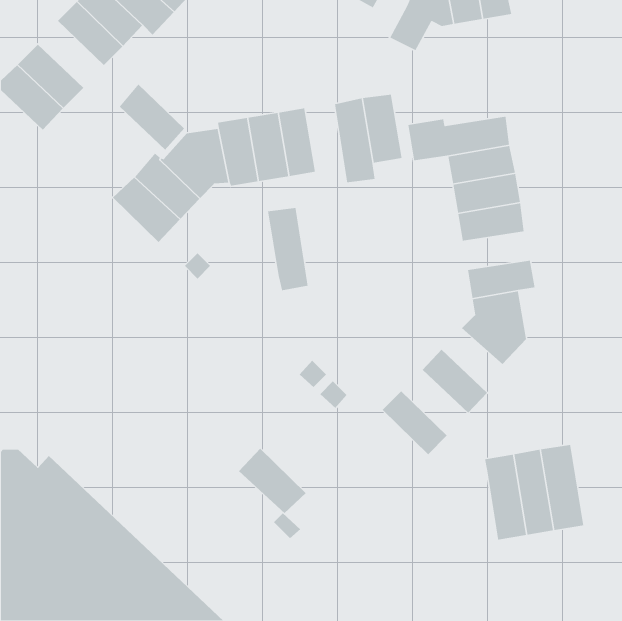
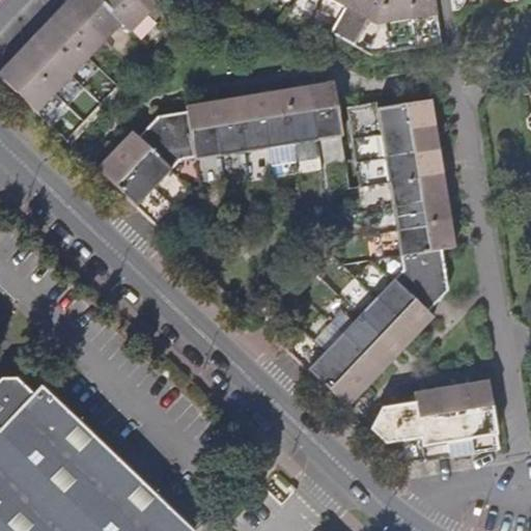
building: [119,83,185,150] -> [33,18,89,75]
building: [267,207,308,291] -> [260,88,296,160]
building: none -> [394,197,452,229]
building: none -> [376,279,434,334]
building: none -> [342,314,399,370]
building: [238,448,306,514] -> [307,348,365,404]
building: none -> [368,400,424,463]

